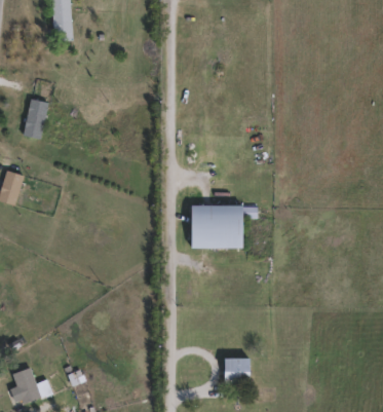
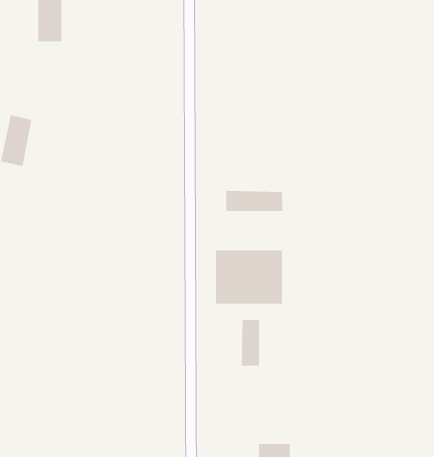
building: none -> [226,190,283,212]
building: none -> [241,319,259,367]

